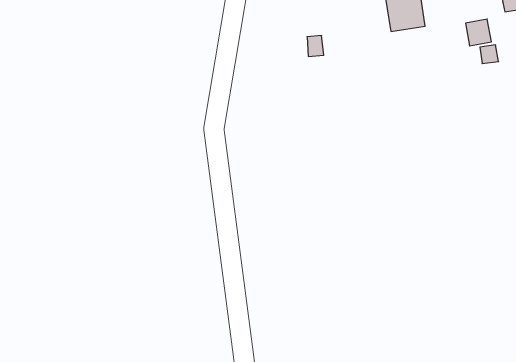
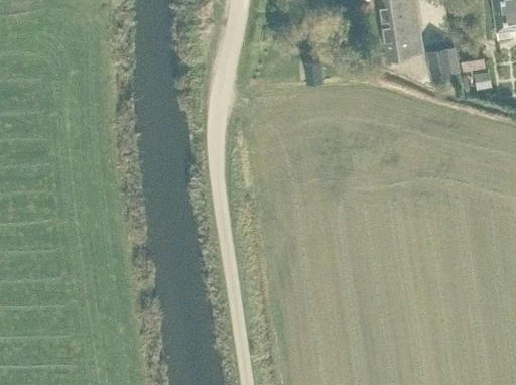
building: none -> [428,51,453,83]

